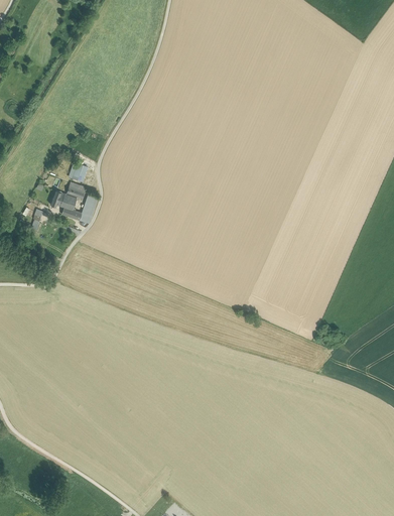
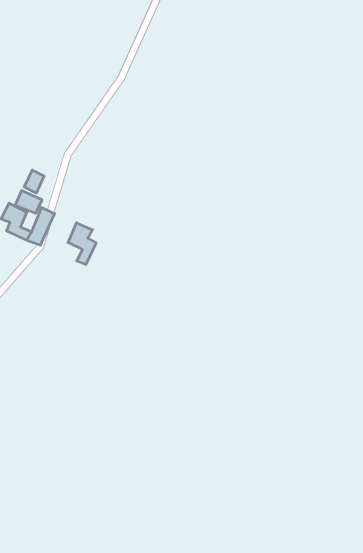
building: none -> [68,223,96,265]

